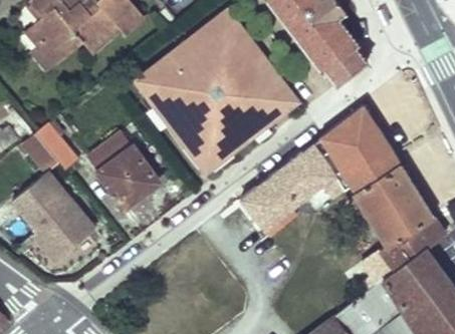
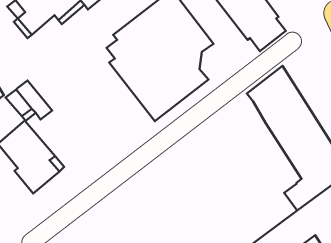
building: [261,77,297,121] -> none
building: [88,132,160,208] -> none
building: [239,138,343,231] -> none

